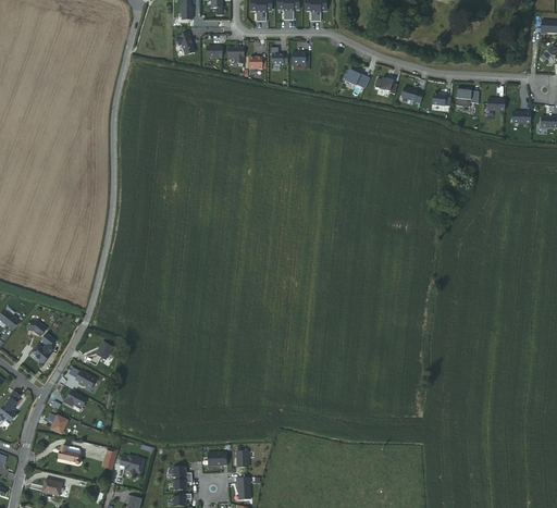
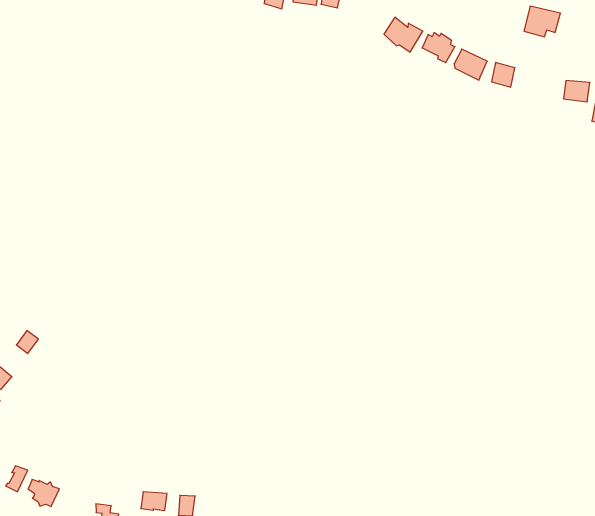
building: [454,86,480,108] -> [524,6,561,37]

